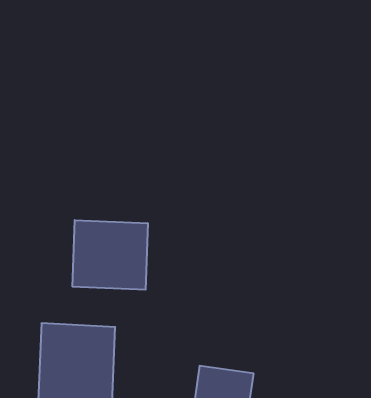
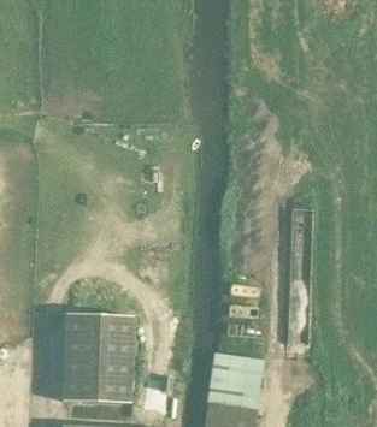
building: [73,220,148,290] -> none

